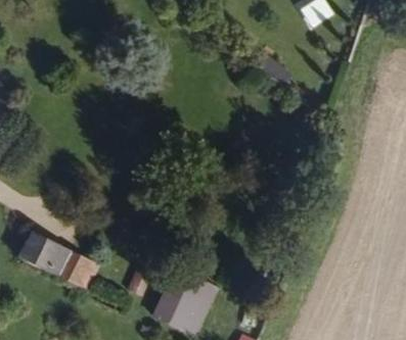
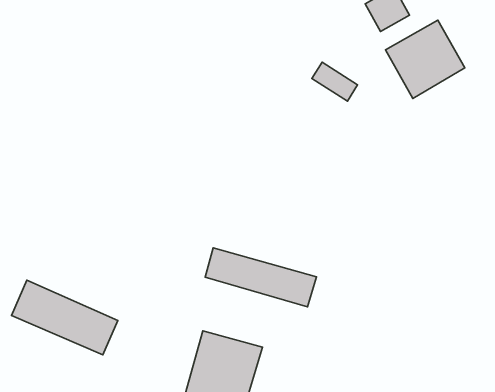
building: none -> [386,20,465,98]
building: none -> [205,248,317,307]

